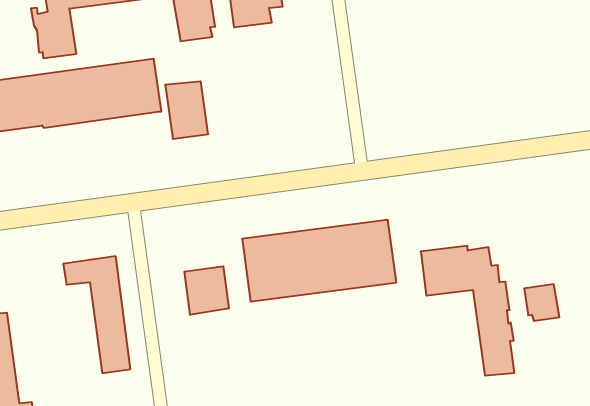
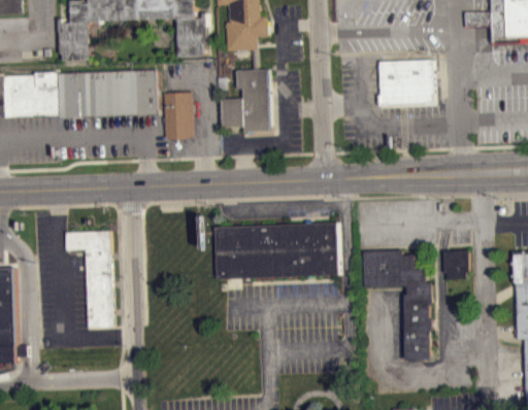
building: none -> [377,60,433,106]
building: none -> [222,69,269,132]
building: [184,266,229,315] -> none
building: [524,284,559,321] -> [442,249,469,278]

